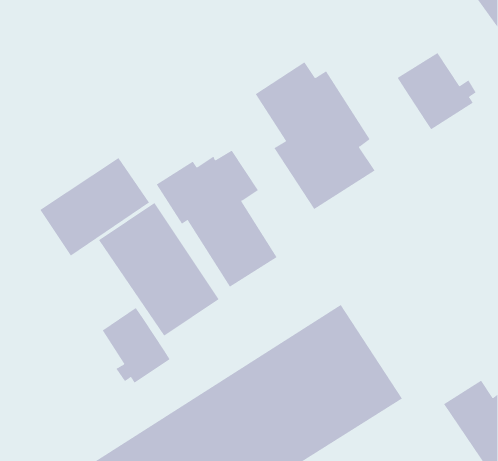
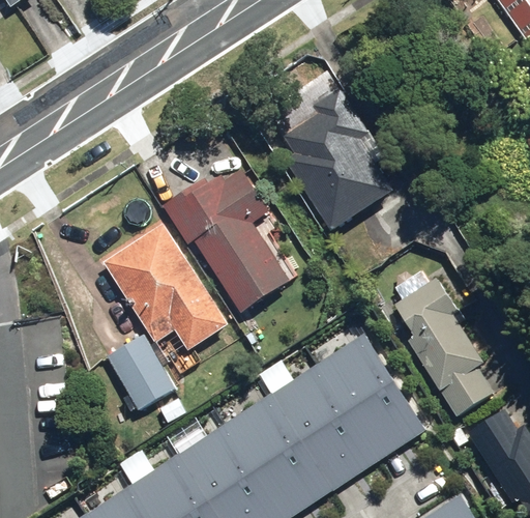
building: [397,52,477,130] -> none
building: [39,157,150,256] -> none
building: none -> [393,269,495,421]

